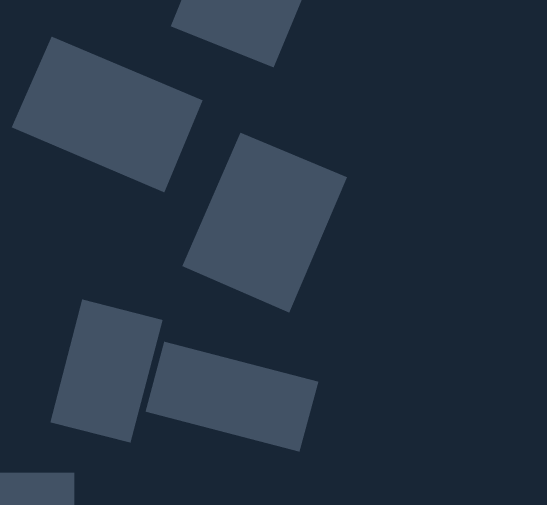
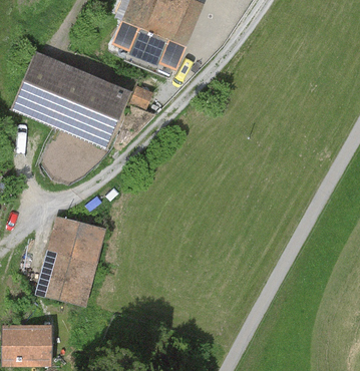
building: [182,132,348,313] -> none
building: [145,341,319,453] -> none

